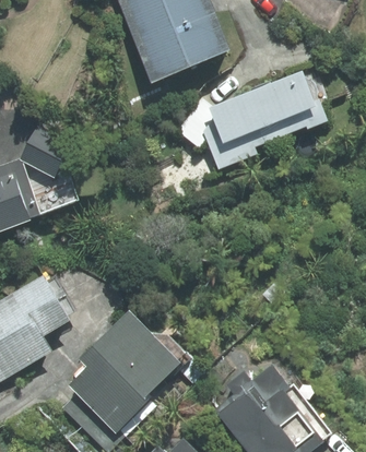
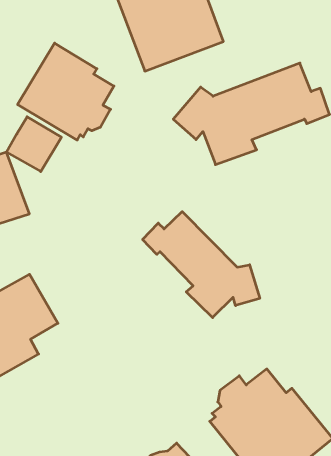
building: none -> [18,43,114,140]
building: none -> [143,212,260,318]
building: [67,311,179,440] -> none

